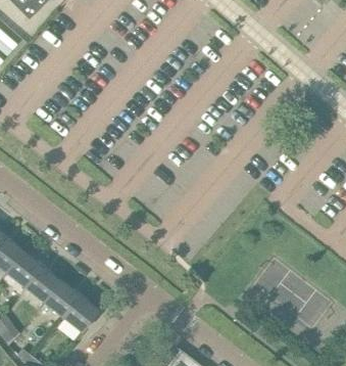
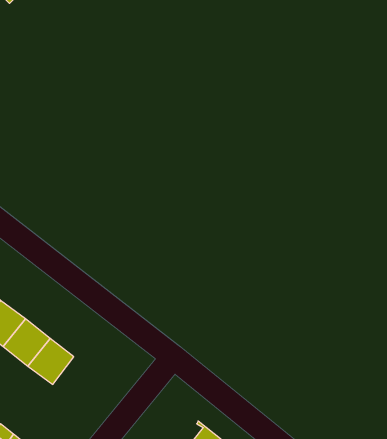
building: [63,296,99,333] -> none

